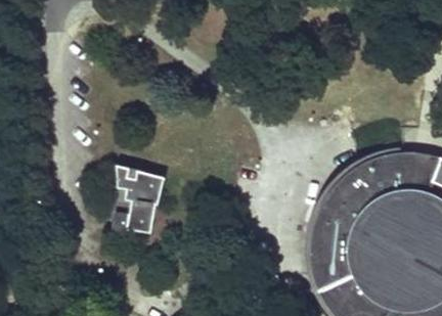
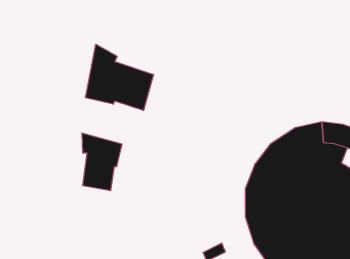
building: none -> [86,44,153,111]

